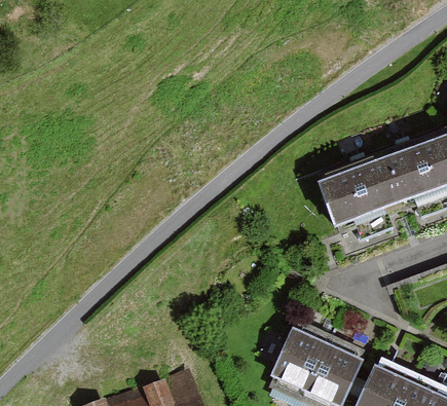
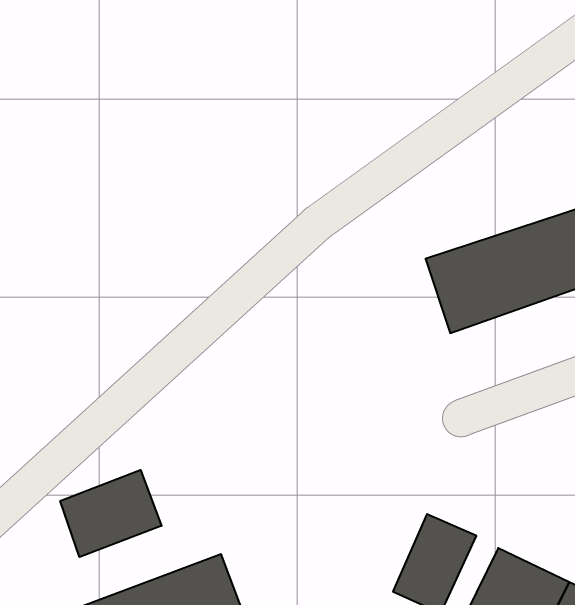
building: none -> [60,470,162,557]
building: [271,330,327,396] -> none

